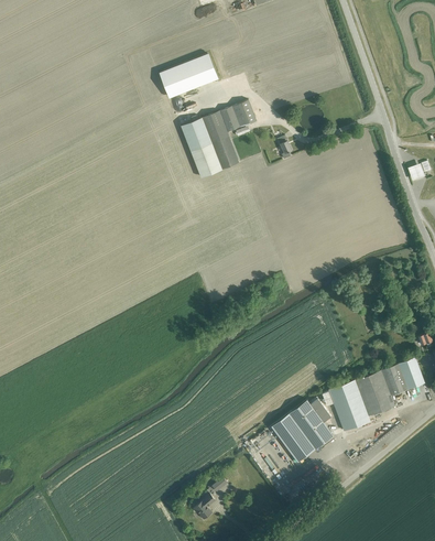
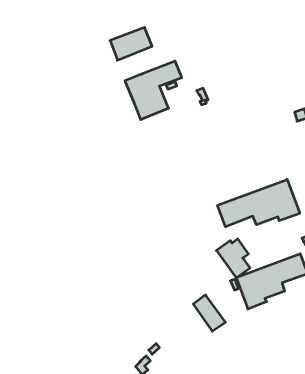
building: none -> [218,179,300,227]
building: [289,397,334,448] -> [216,239,250,278]

